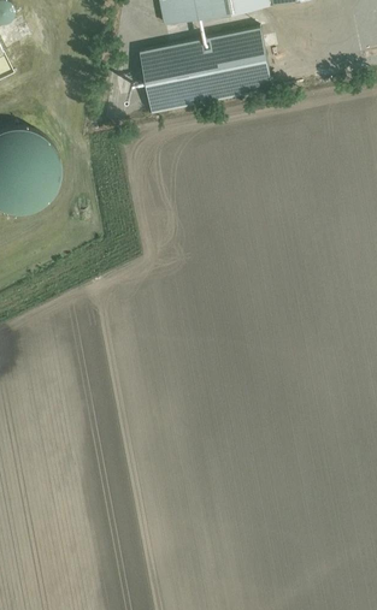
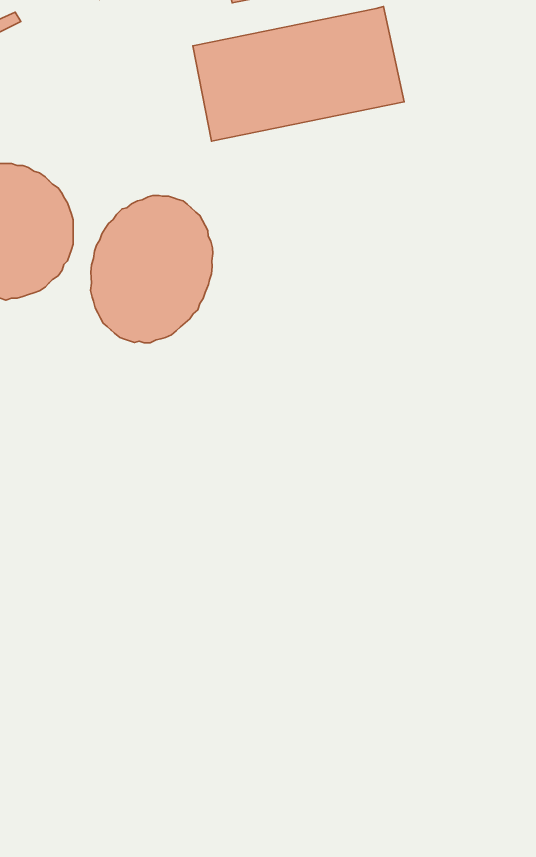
building: none -> [91,196,213,343]

